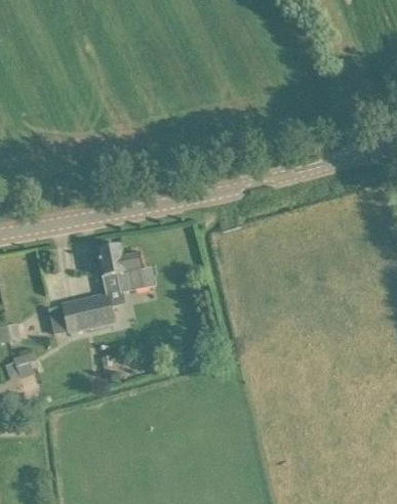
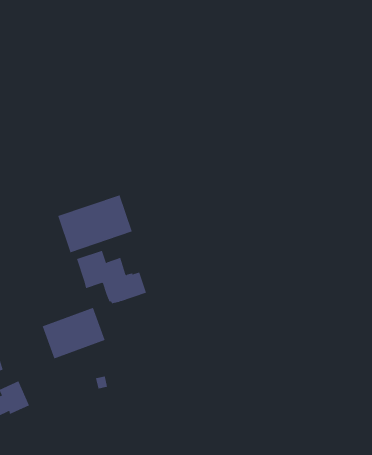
building: none -> [58,195,133,253]

